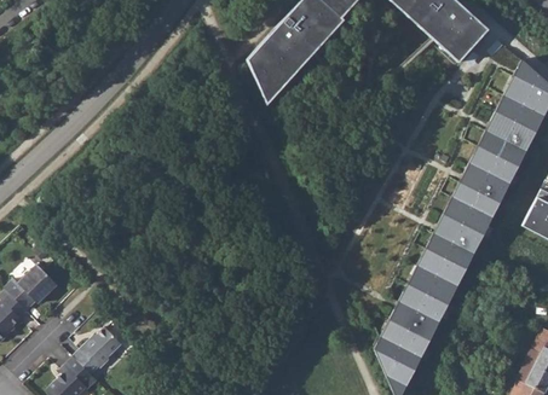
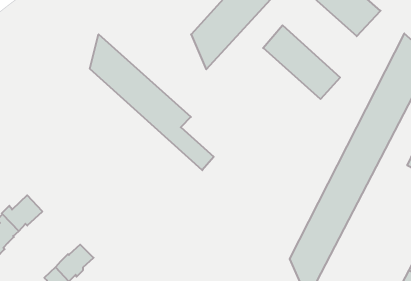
building: none -> [263,25,340,99]
building: none -> [90,34,214,170]

